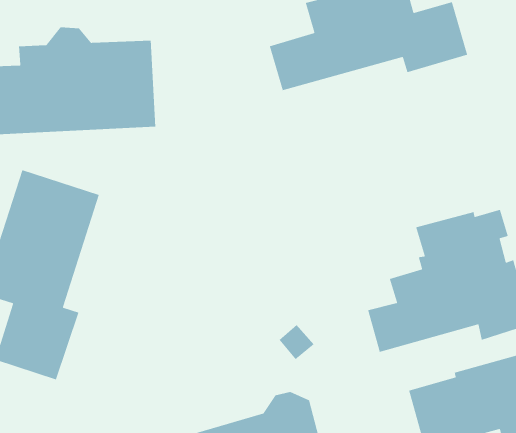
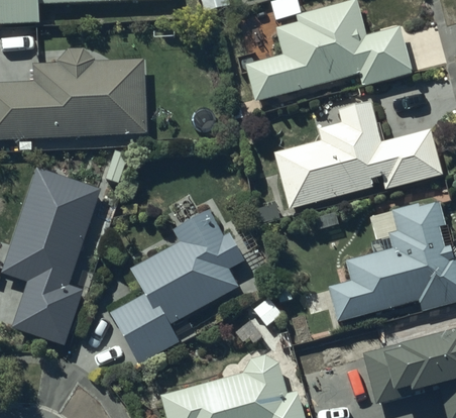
building: none -> [273,102,443,209]
building: none -> [110,210,244,363]

